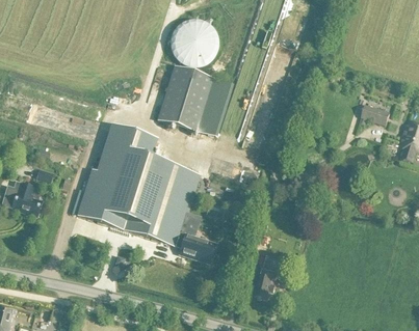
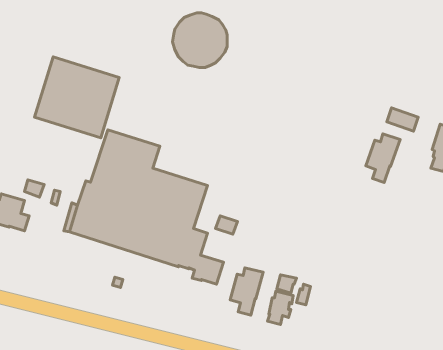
building: [158,64,234,137] -> [35,57,119,138]
building: none -> [366,134,400,182]
building: none -> [230,268,263,315]

